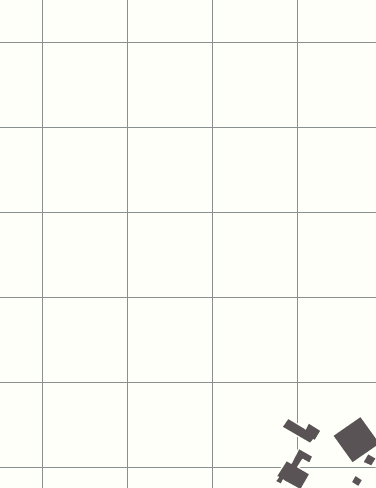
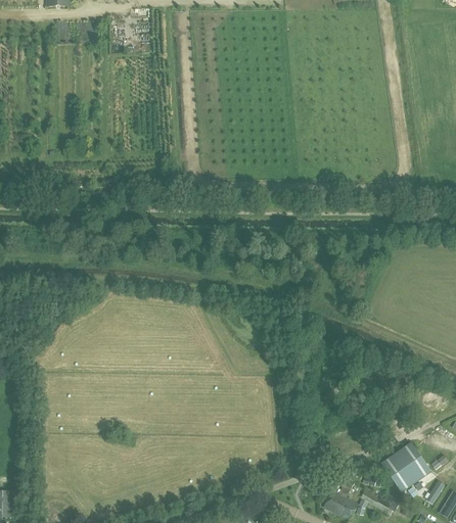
building: [282,418,321,444] -> [359,487,400,514]

